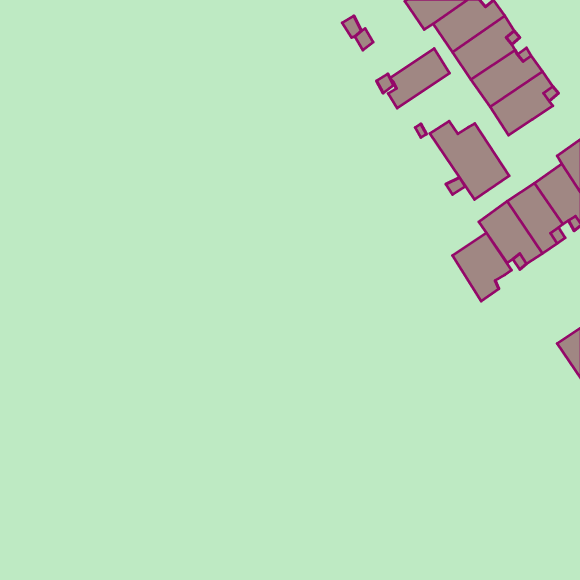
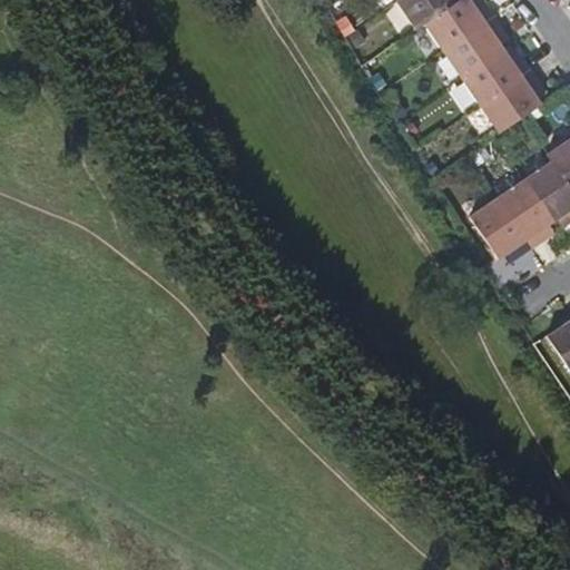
building: [388,48,450,108] -> none
building: [430,121,509,200] -> none
building: [452,233,512,301] -> none

